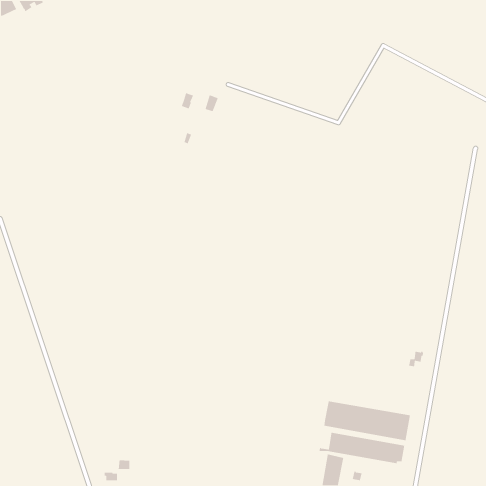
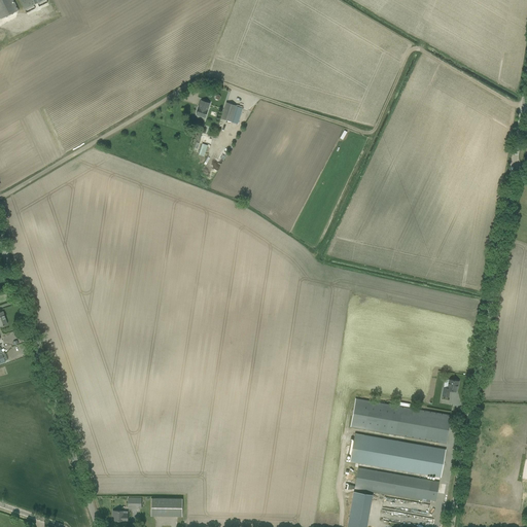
building: none -> [351,398,451,444]
building: none -> [151,498,182,516]

